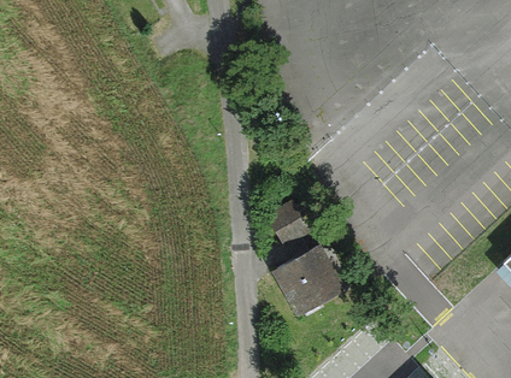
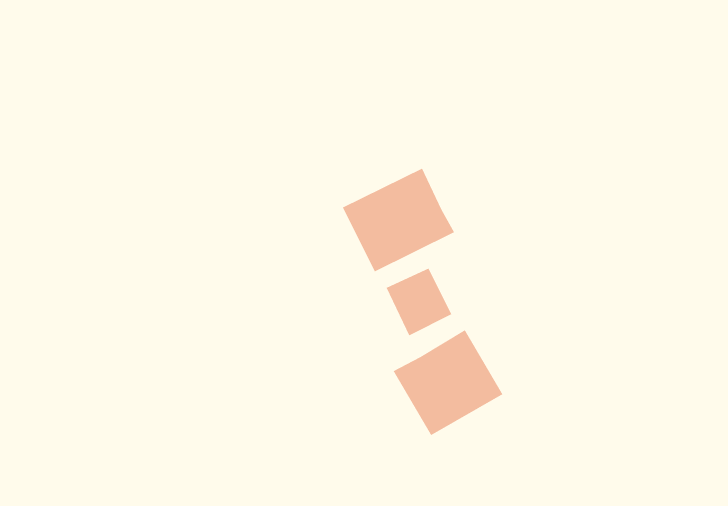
building: none -> [342,167,455,272]

